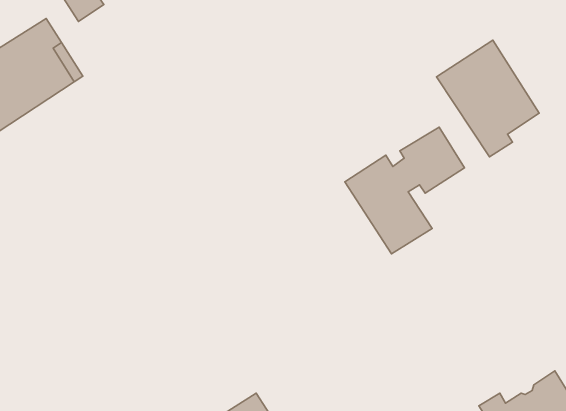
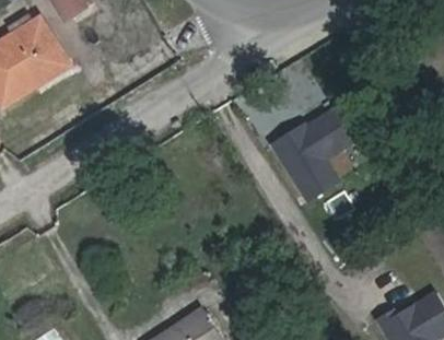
building: [436,40,539,157] -> none

